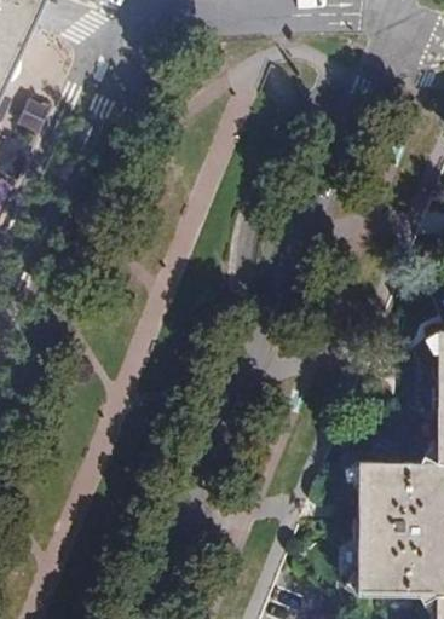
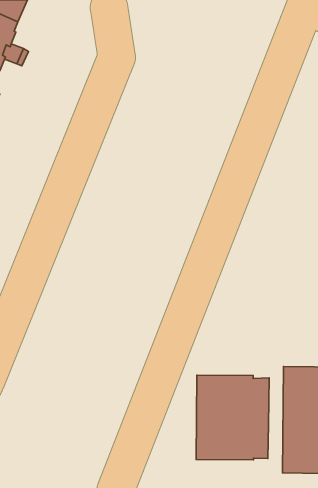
building: none -> [196,375,269,460]

